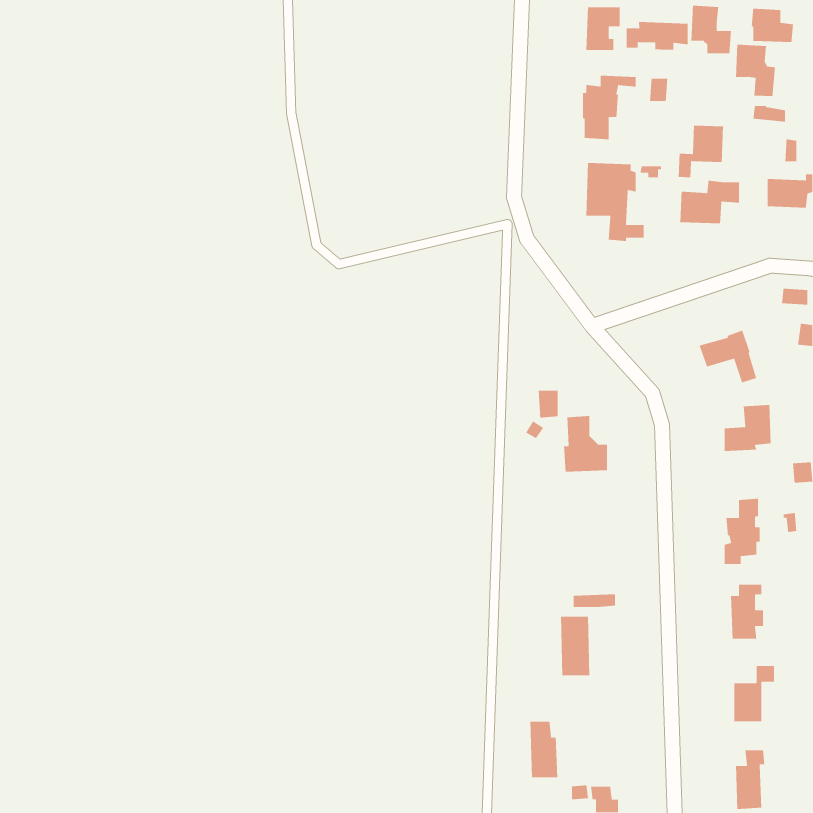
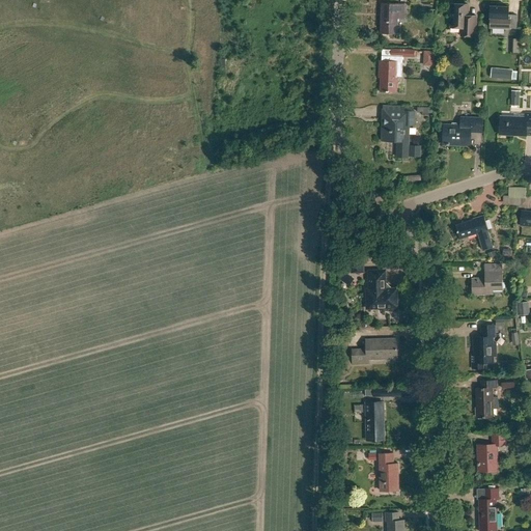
building: [626,21,689,50] -> none
building: [735,44,776,97] -> none
building: [678,125,724,178] -> none
building: none -> [358,339,397,364]
building: [530,721,558,778] -> [380,453,398,491]

